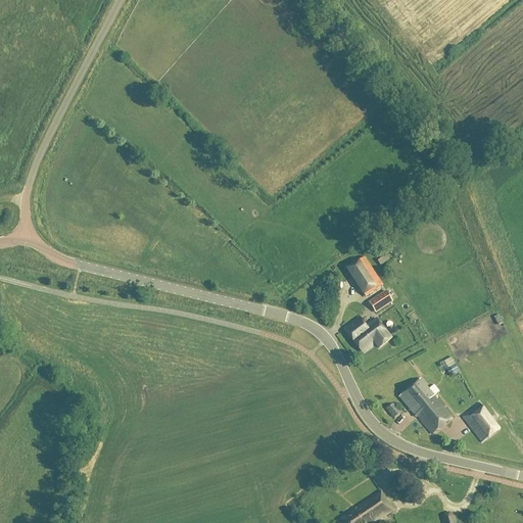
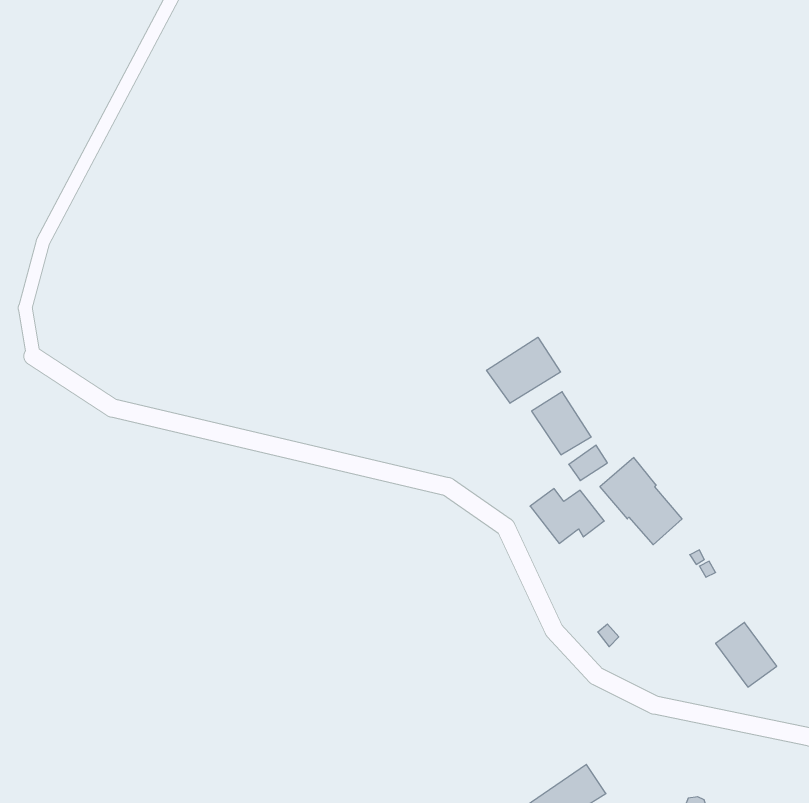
building: none -> [487,337,561,403]
building: [398,377,450,432] -> [600,458,682,545]

